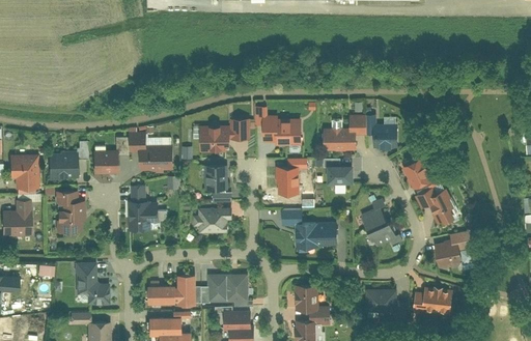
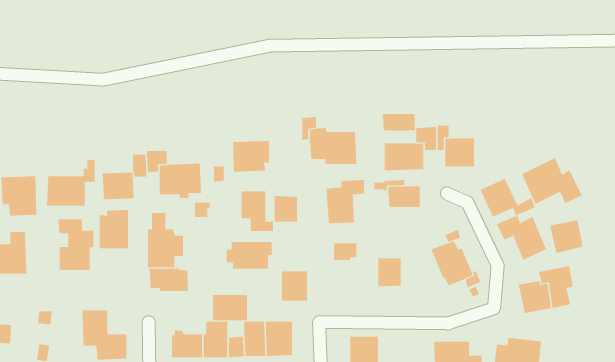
building: none -> [382,113,415,131]
building: [229,118,249,140] -> [274,196,298,222]
building: none -> [521,157,583,205]
building: none -> [99,209,128,249]
building: none -> [550,220,583,254]
building: [296,223,317,248] -> [281,271,308,301]
building: none -> [149,268,188,292]
building: none -> [213,294,247,321]

